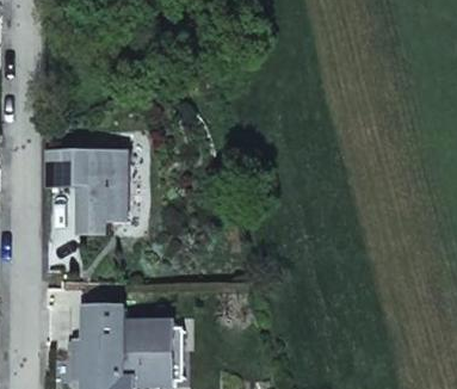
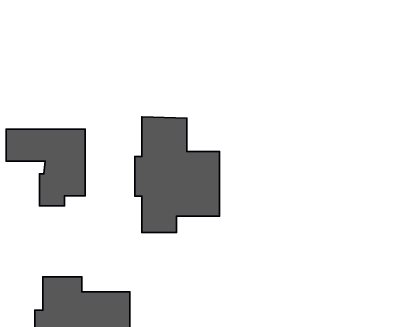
building: none -> [135,117,219,232]

